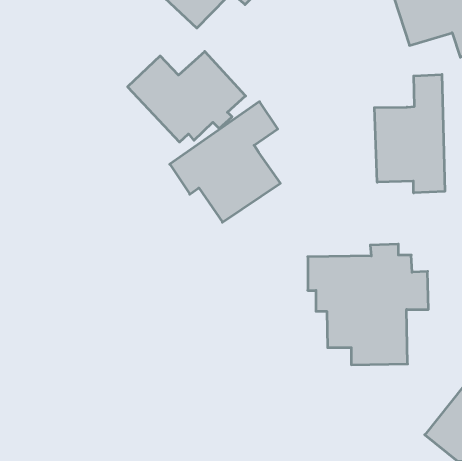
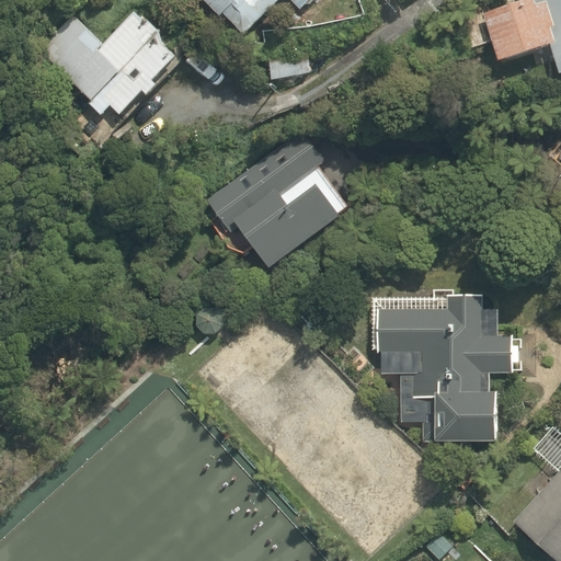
building: [128,51,246,142] -> [38,5,181,115]
building: [374,74,445,193] -> none

